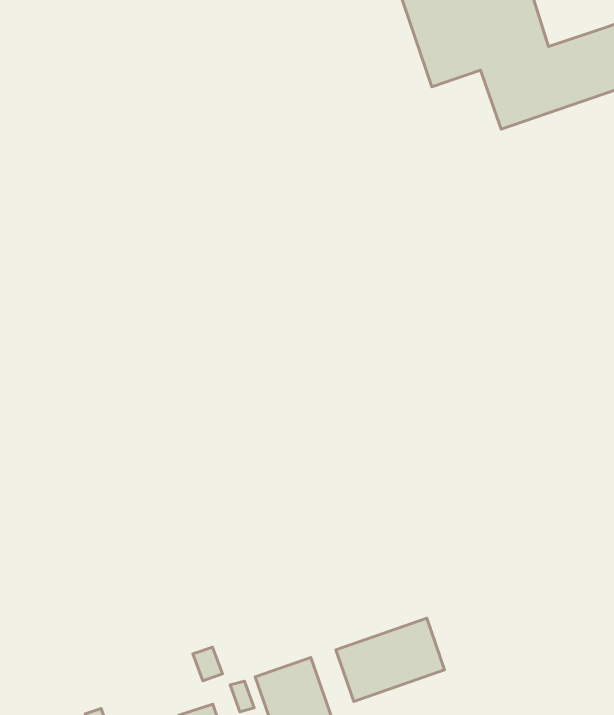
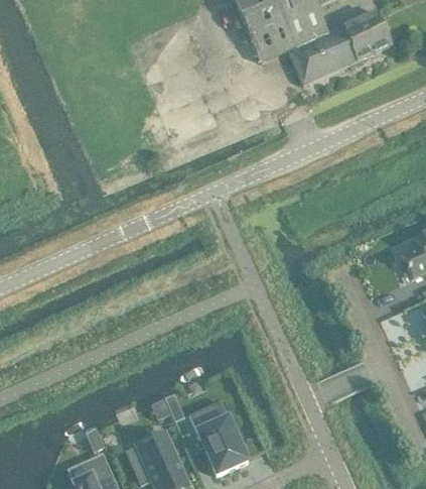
building: [336,618,445,702] -> none

